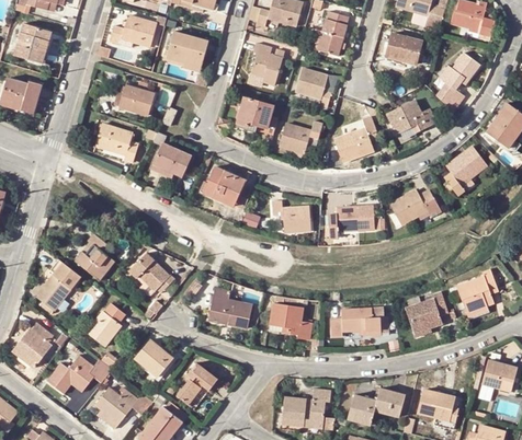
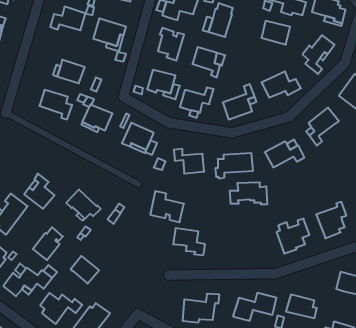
building: [208,288,252,328] -> [150,191,184,222]
building: [331,308,381,336] -> [230,182,267,204]
building: [177,363,217,404] -> none

